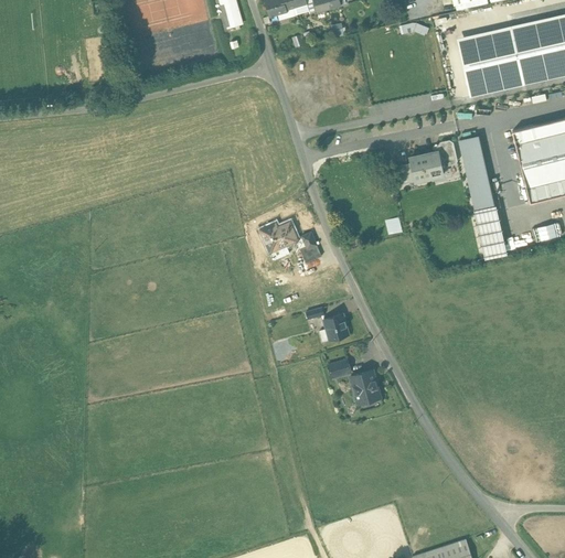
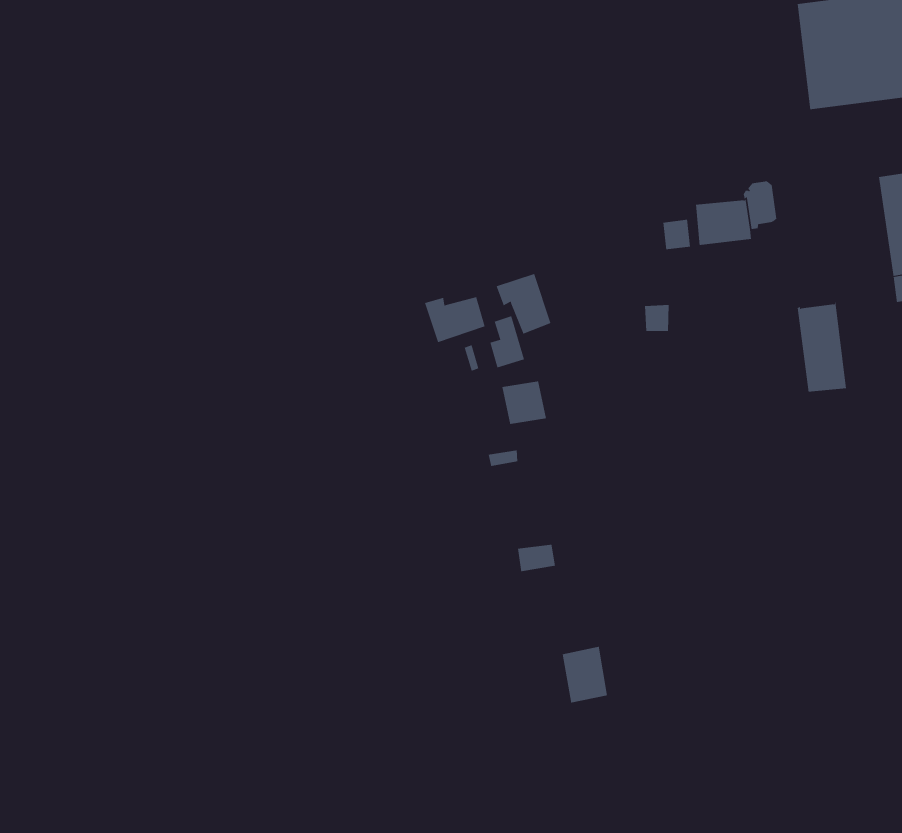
building: [459,136,494,210] -> none
building: none -> [496,273,551,334]
building: [322,313,350,340] -> [502,381,547,424]
building: [351,369,380,404] -> [562,646,608,703]

